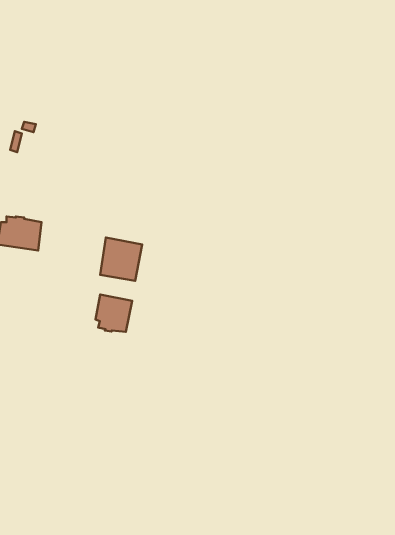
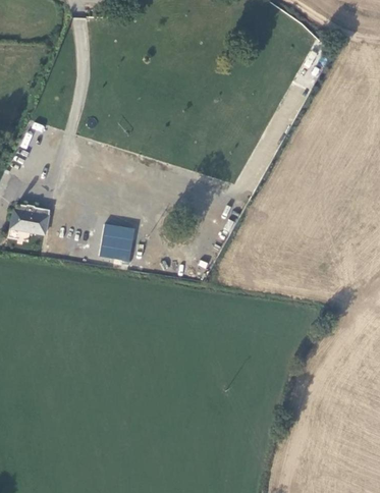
building: [96,295,132,332] -> none

